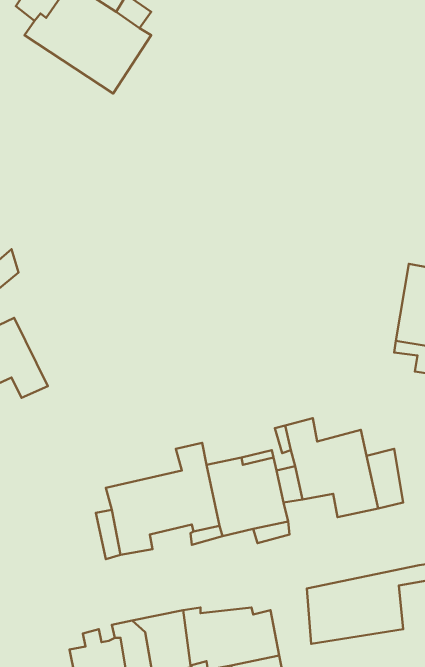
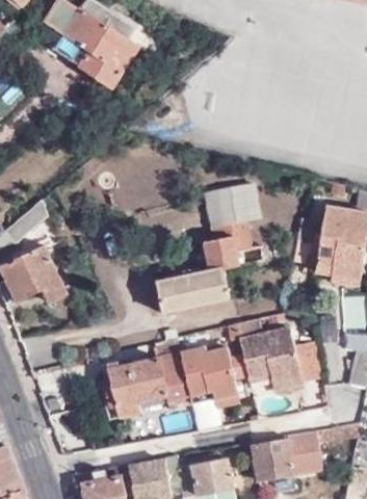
building: none -> [158,182,264,314]

